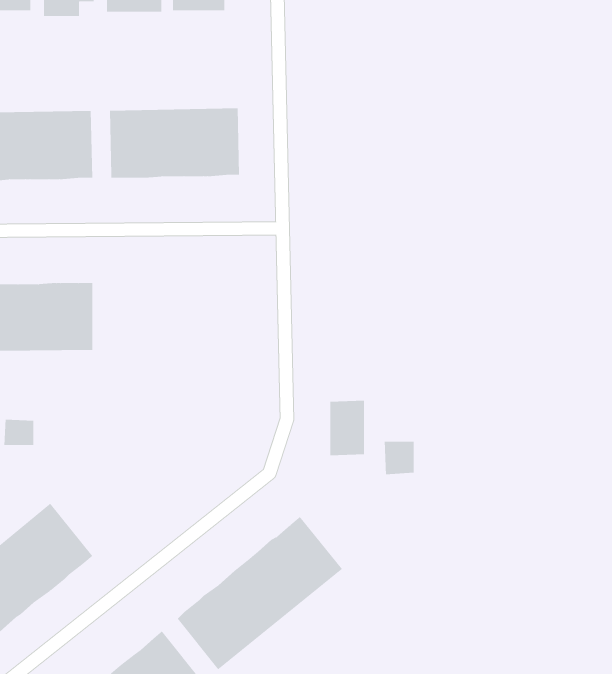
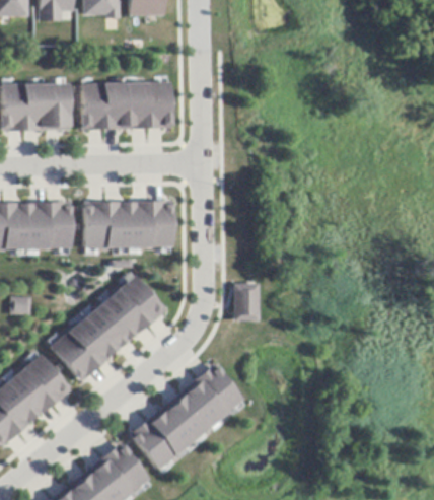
building: none -> [84,200,172,248]
building: none -> [52,275,165,381]
building: [384,441,414,475] -> none

